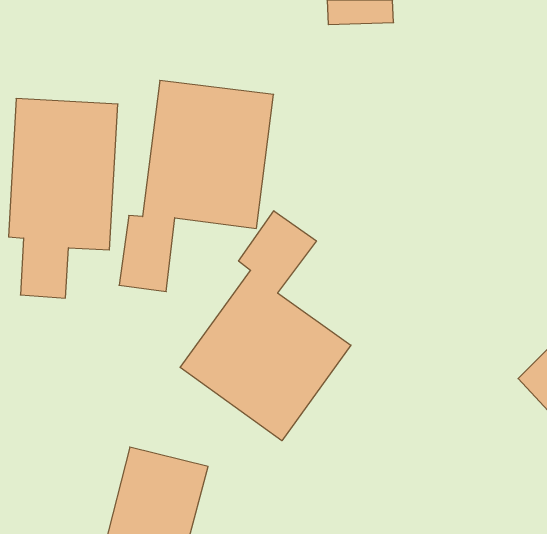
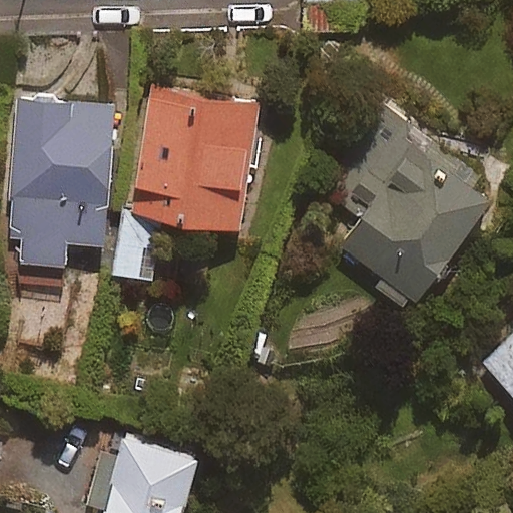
building: none -> [334,115,494,313]
building: [180,211,351,441] -> none

